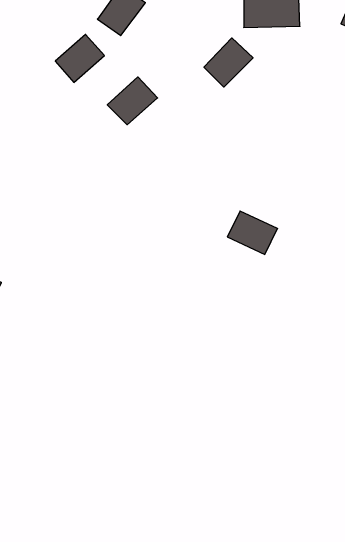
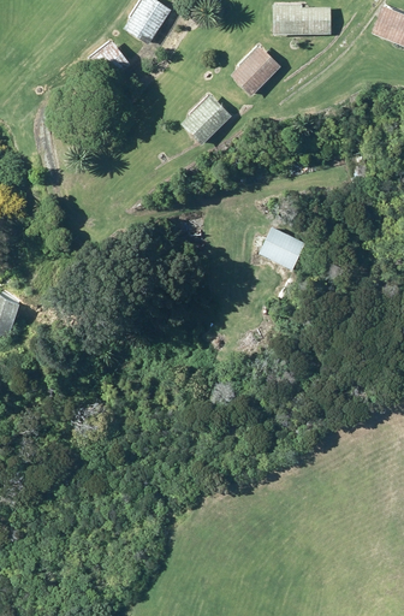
building: [107,77,158,125] -> [182,96,233,146]

